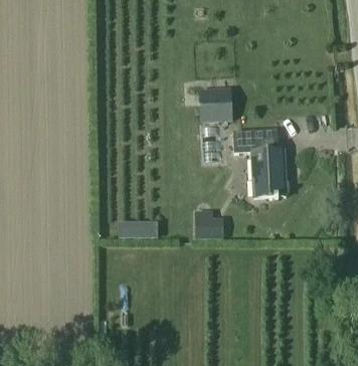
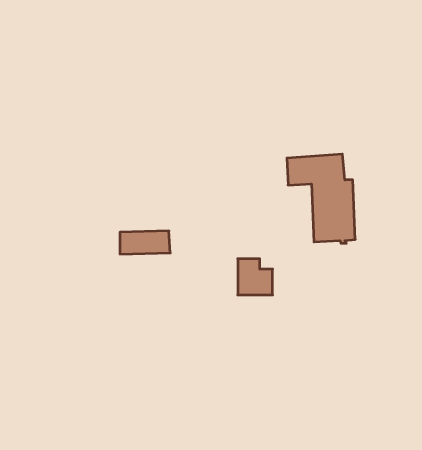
building: [201,89,233,121] -> none
building: [120,219,159,237] -> [120,231,170,254]

